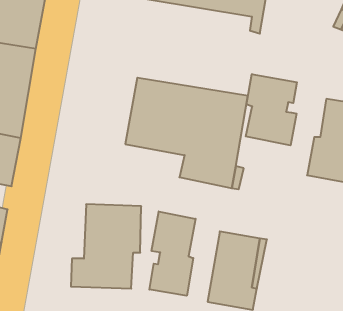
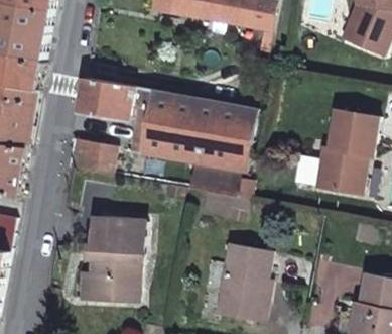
building: none -> [77,77,137,120]
building: [246,74,297,145] -> none
building: none -> [67,138,115,175]
building: [149,211,196,296] -> none

